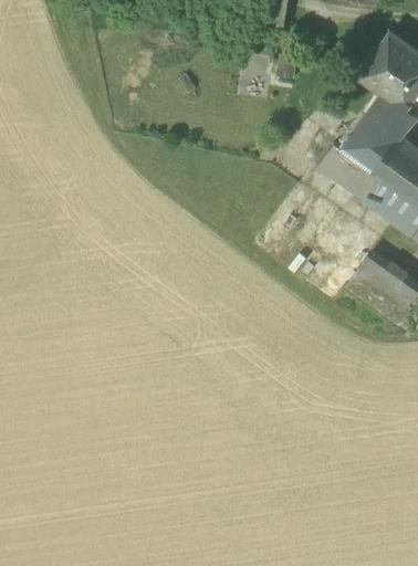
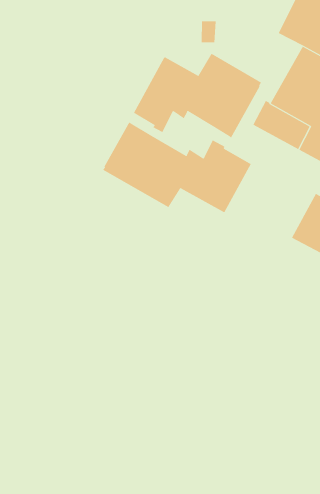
building: none -> [133,53,262,139]
building: none -> [102,121,252,213]

